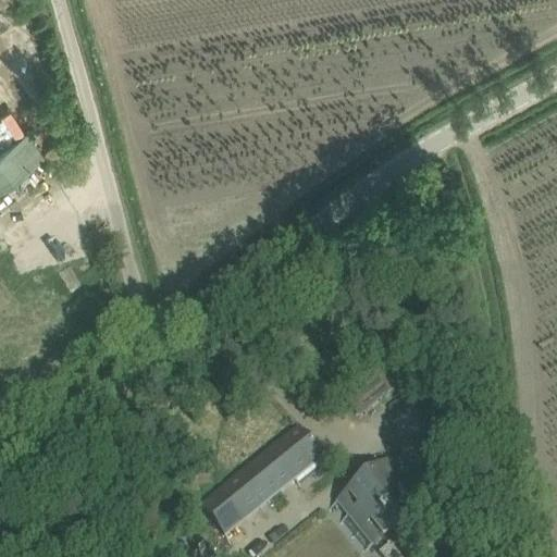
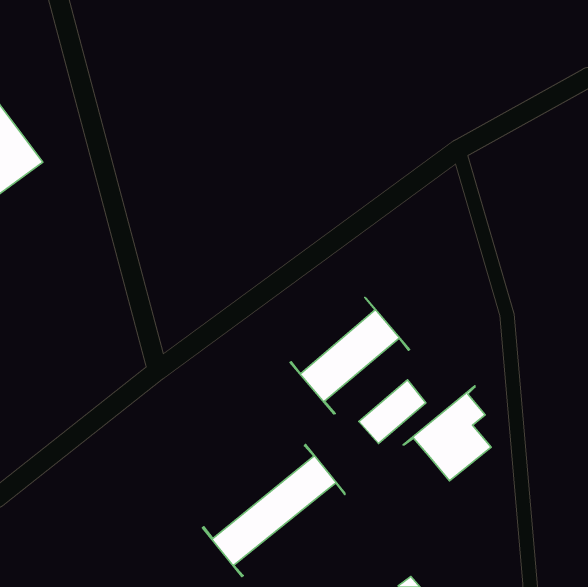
building: none -> [290,298,410,414]
building: [324,451,407,541] -> [403,386,491,481]

